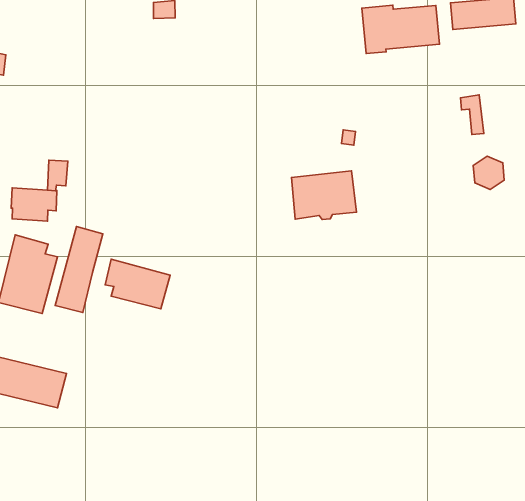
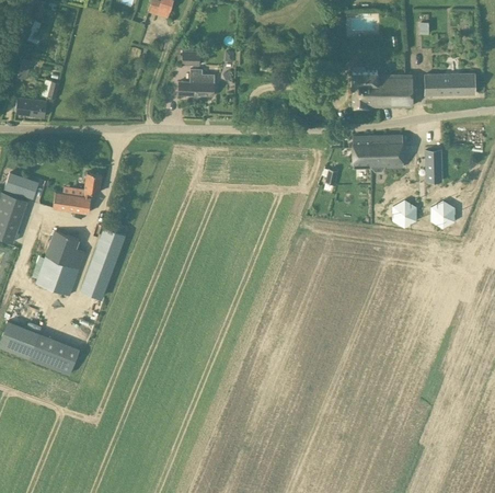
building: none -> [179,69,214,96]
building: none -> [392,199,416,228]
building: [291,171,357,219] -> [353,135,403,172]
building: [105,259,170,309] -> none

